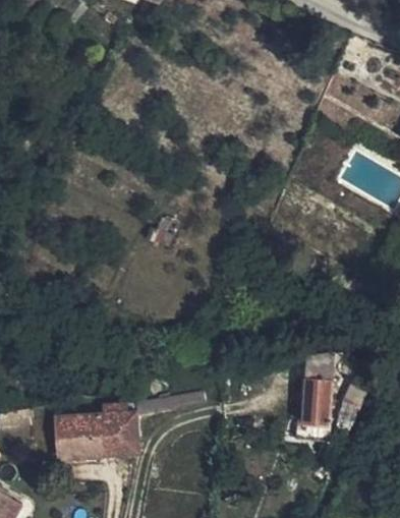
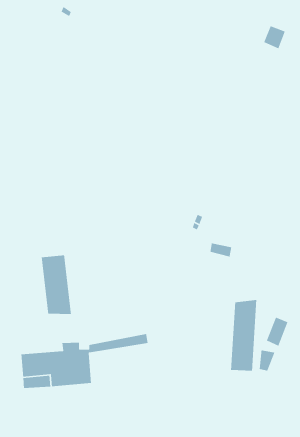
building: none -> [41,255,72,315]

